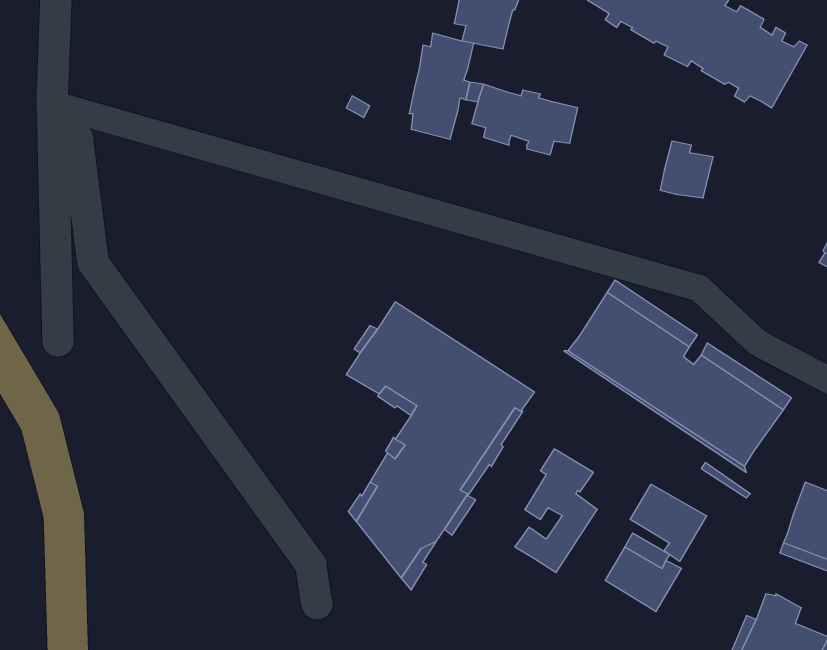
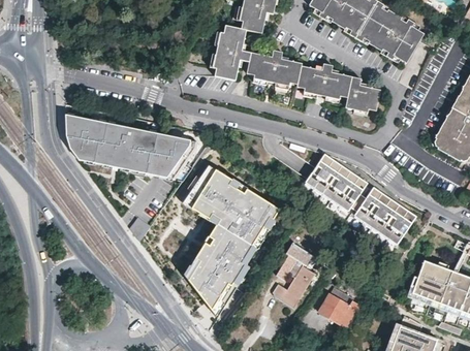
building: none -> [300,62,355,100]
building: none -> [63,117,189,181]
building: [630,484,707,561] -> none

